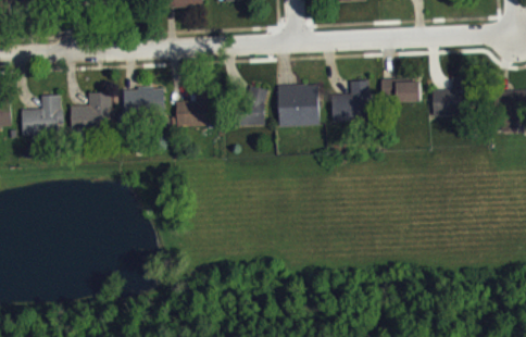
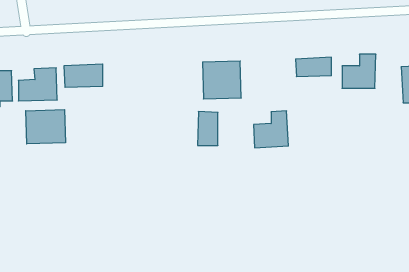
building: [330,79,370,121] -> [254,111,288,148]
building: [242,87,265,125] -> [198,112,218,145]
building: [175,88,208,126] -> none
building: none -> [26,110,65,144]

